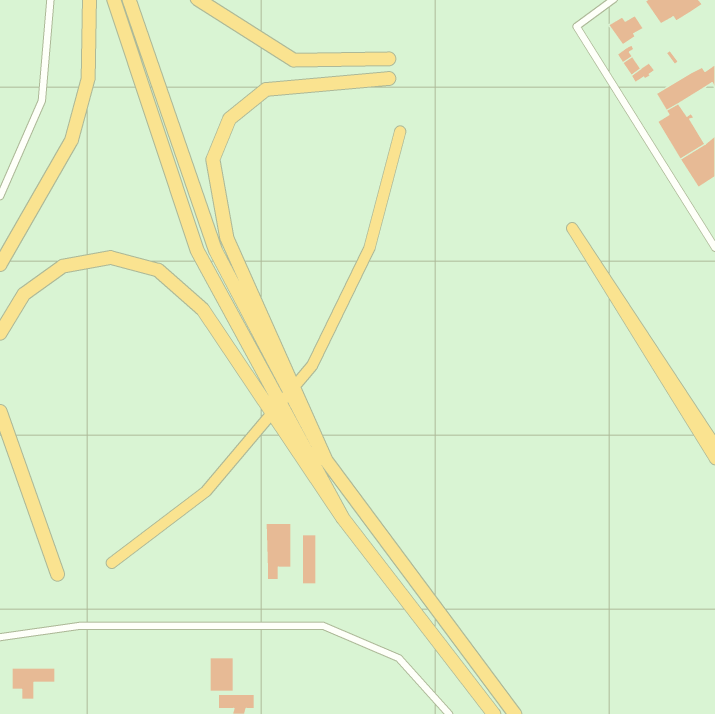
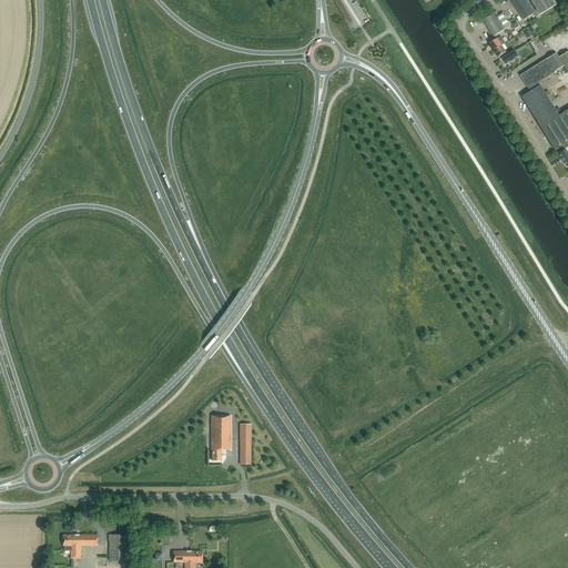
building: [210,658,233,691] -> [109,534,128,560]
building: [12,668,55,699] -> [63,534,98,558]

